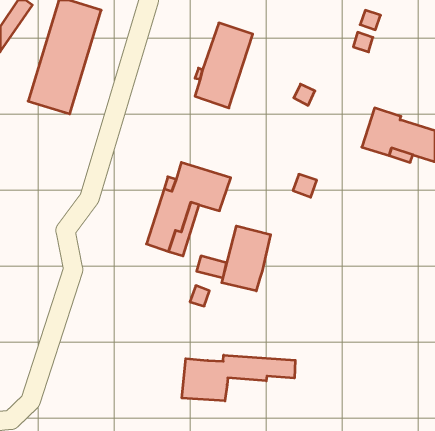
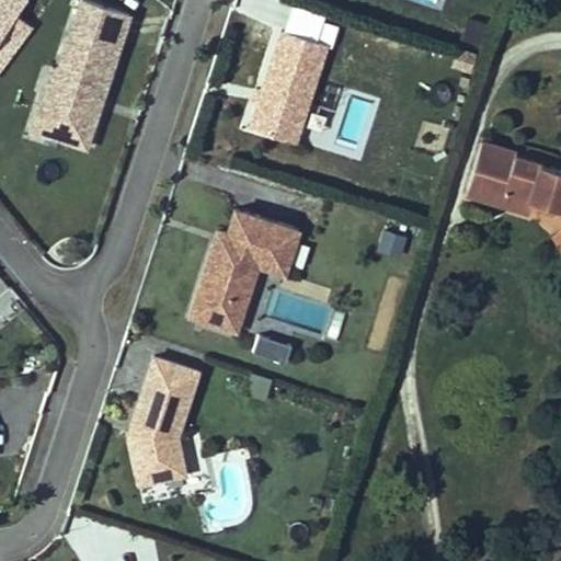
building: [222,226,271,291] -> none
building: none -> [128,356,201,500]
building: [182,355,295,401] -> none

